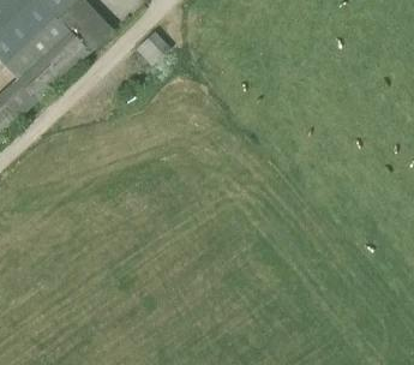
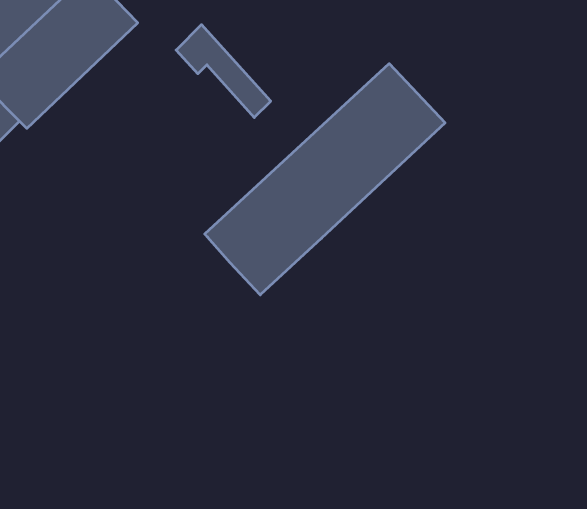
building: none -> [205,64,445,295]

